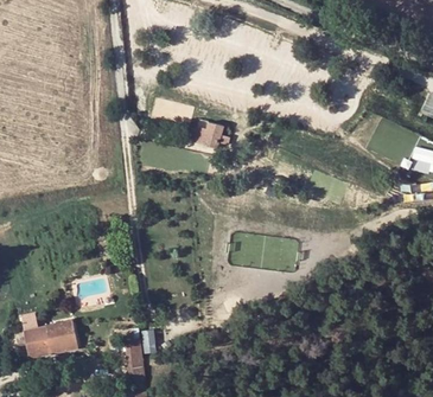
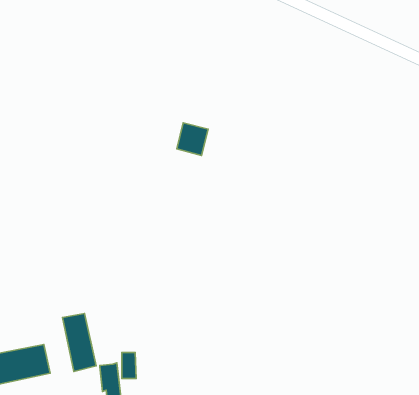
building: none -> [63,313,96,372]

